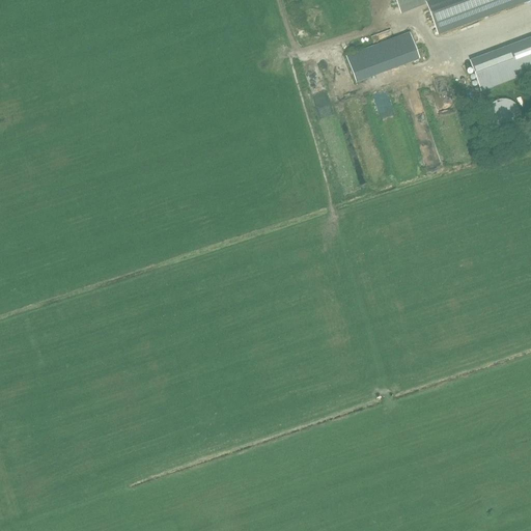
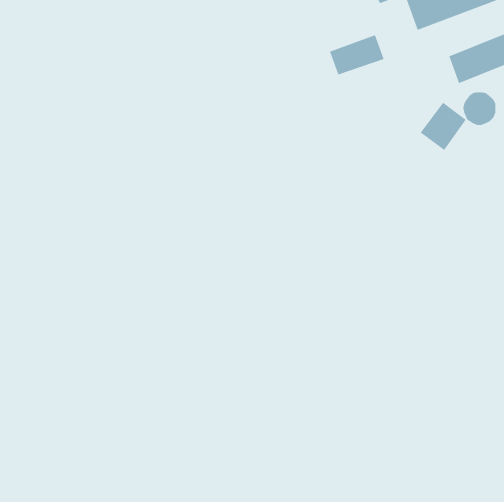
building: [395,31,420,62] -> none
building: none -> [420,102,466,151]

